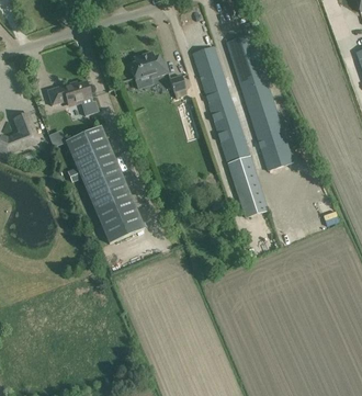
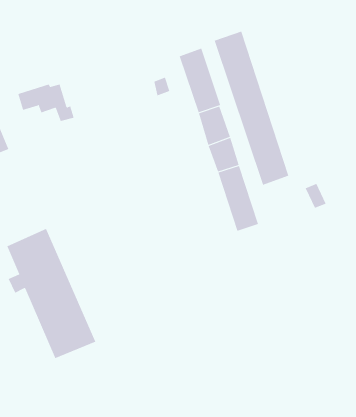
building: [131,52,168,79] -> none
building: [65,124,146,242] -> [6,228,96,359]

